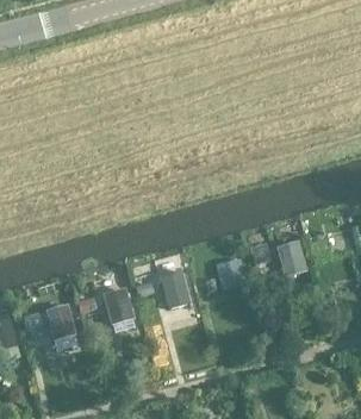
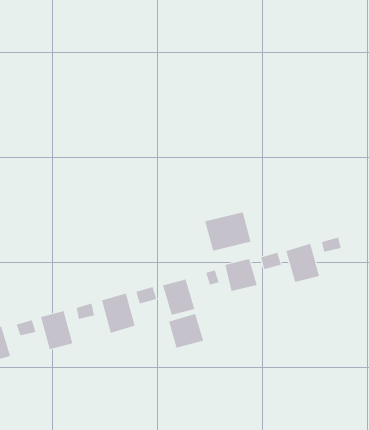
building: none -> [205,212,251,251]
building: none -> [169,313,204,348]

